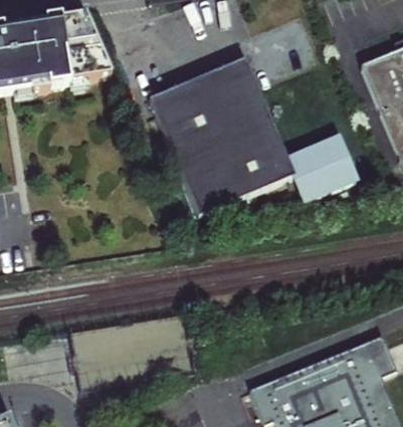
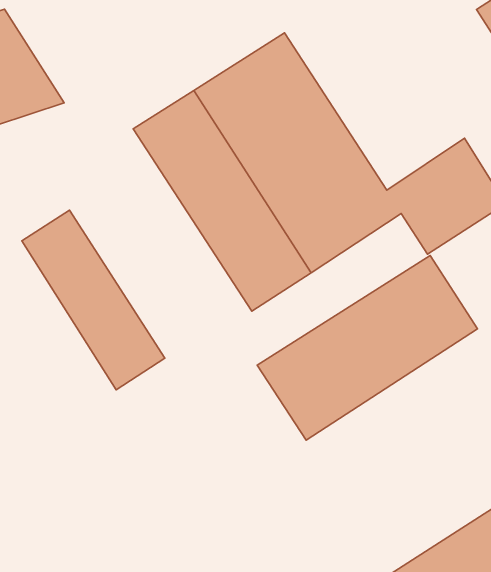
building: none -> [22,210,165,390]
building: none -> [257,255,477,440]

